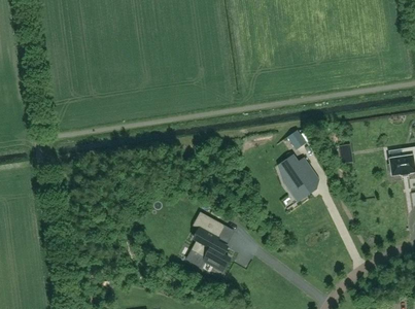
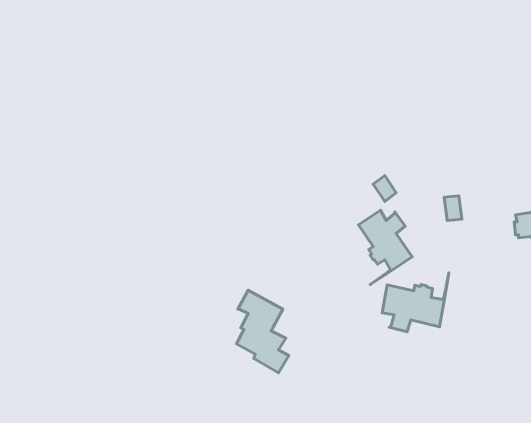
building: none -> [382,273,449,332]

